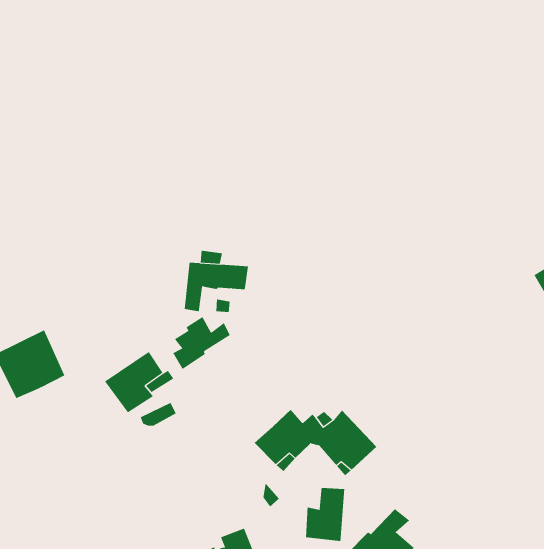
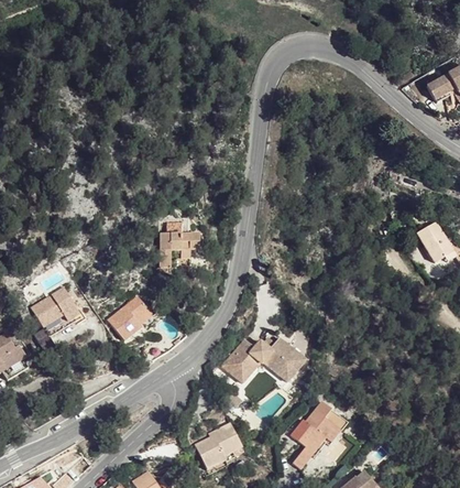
building: [173,316,230,370] -> none
building: [306,487,345,542] -> none

